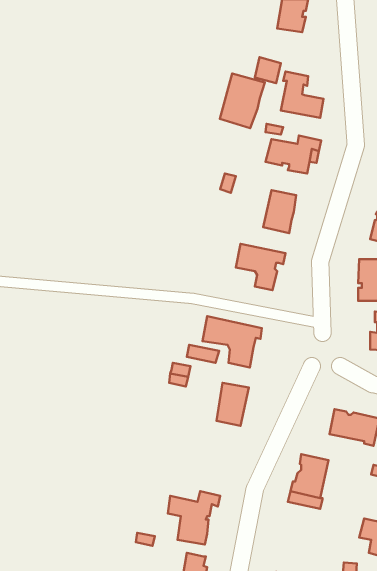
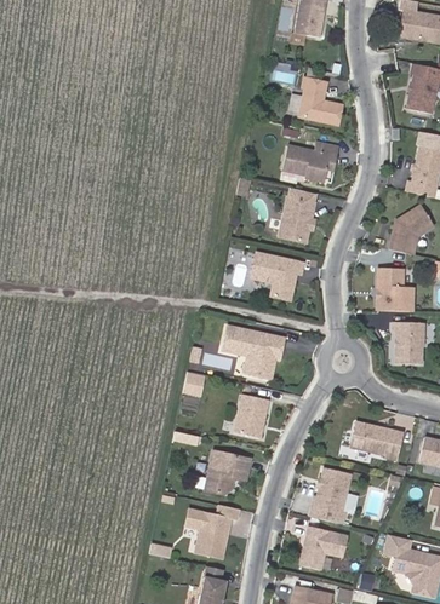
building: [220,74,265,128] -> none
building: none -> [204,451,250,496]
building: none -> [298,528,347,569]

